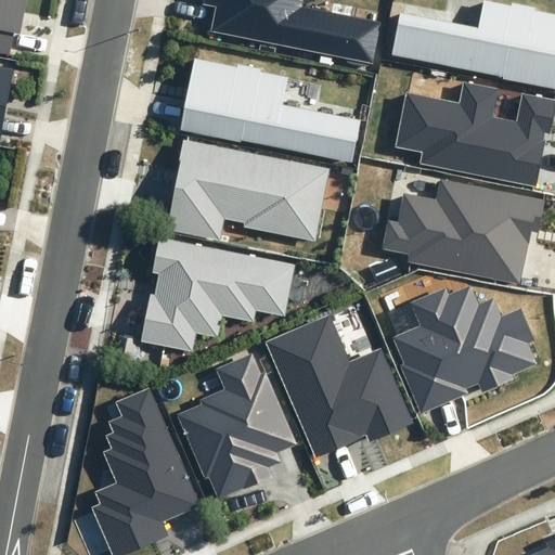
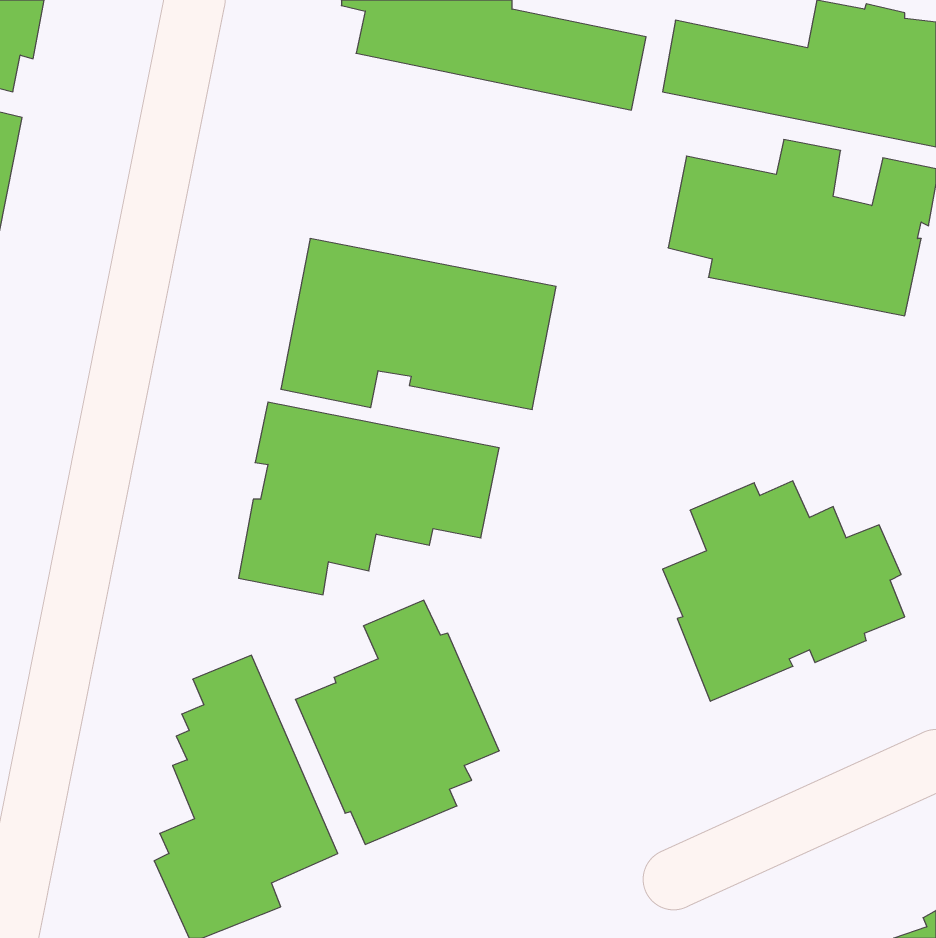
building: [179,57,360,163] -> none
building: [380,180,542,285] -> none
building: [263,314,412,459] -> none

